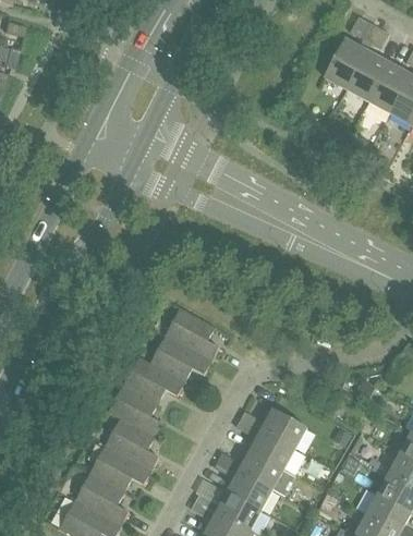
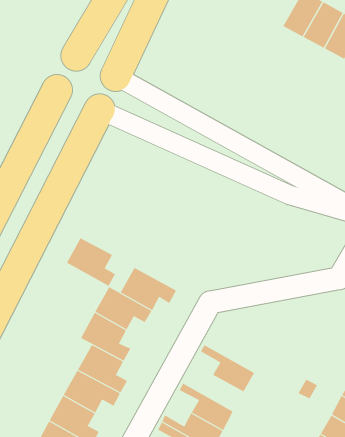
building: [166,307,219,360] -> [66,238,116,286]
building: [241,407,306,448] -> none
building: [218,450,283,489] -> none

